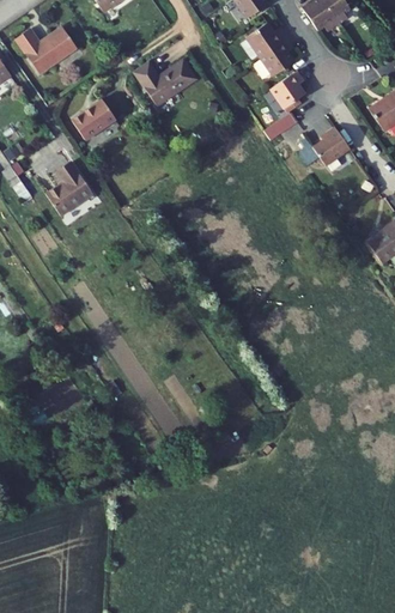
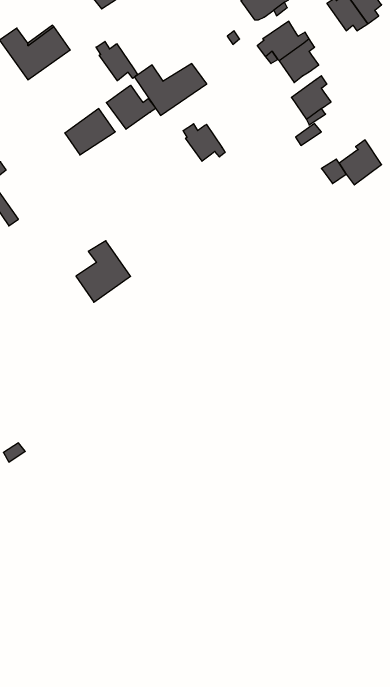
building: none -> [96,41,138,81]
building: none -> [106,85,156,129]
building: none -> [183,124,225,161]
building: [45,163,93,217] -> [76,241,131,302]

